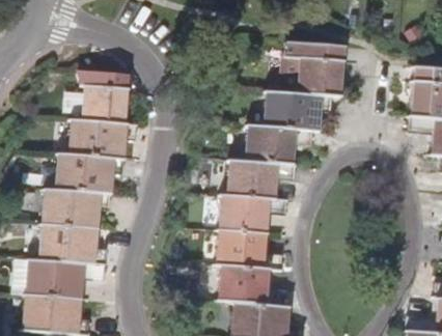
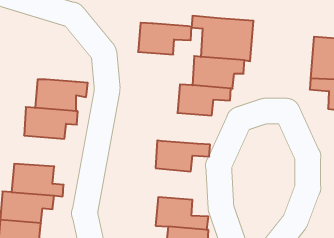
building: [83,73,125,124] -> none
building: [227,162,294,201] -> [138,23,192,54]
building: [44,191,109,229] -> none
building: [216,231,282,272] -> none

